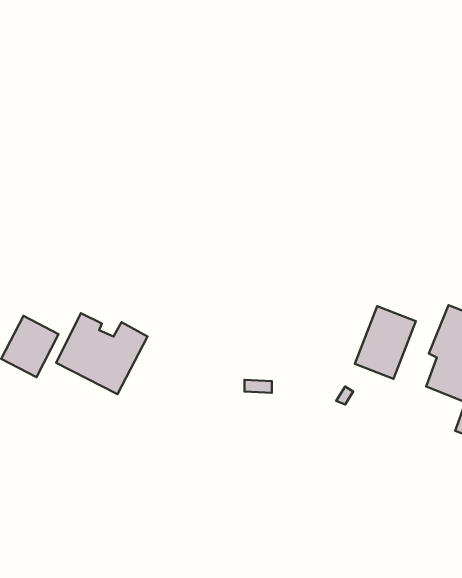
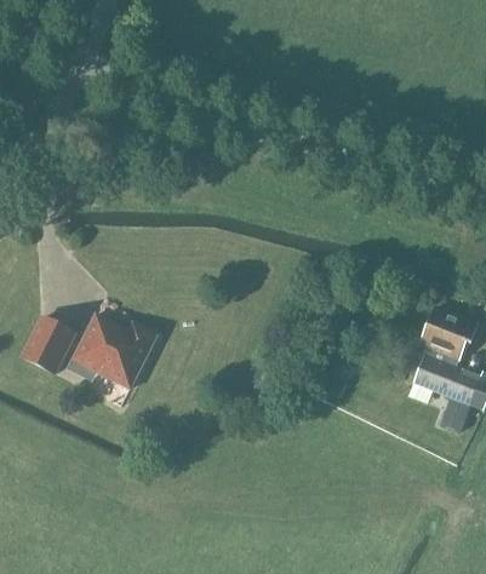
building: [355,306,416,379] -> none

